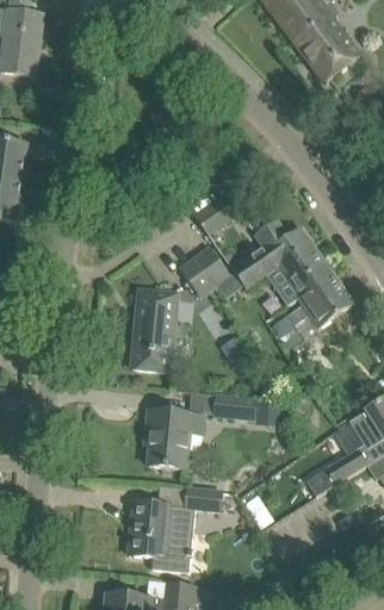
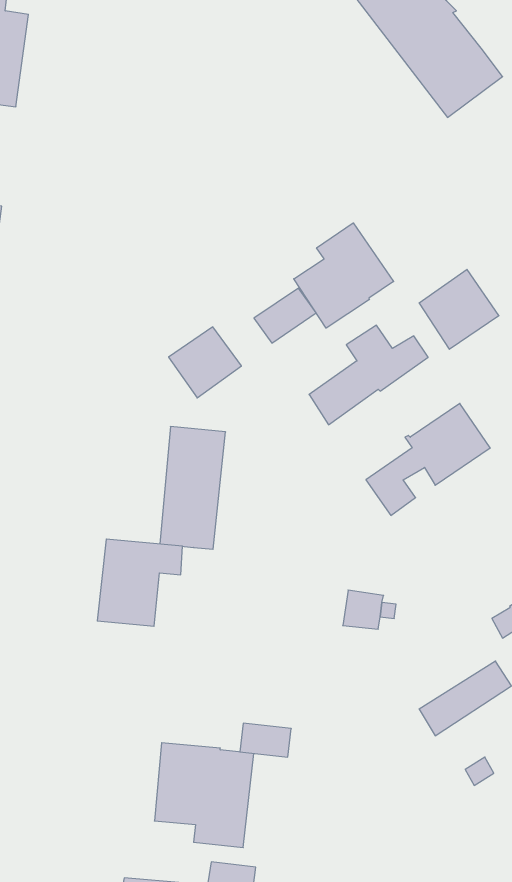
building: none -> [294,223,394,328]
building: [279,242,333,295] -> [419,269,499,349]
building: [180,247,229,294] -> [169,327,241,398]
building: [213,393,255,418] -> none
building: [147,409,204,467] -> [97,539,183,626]

